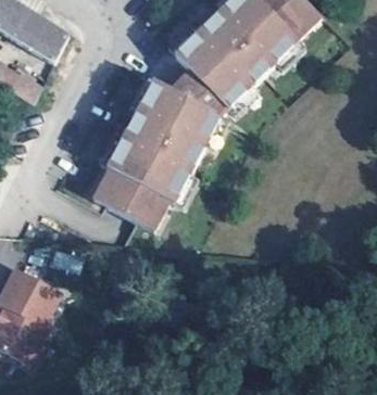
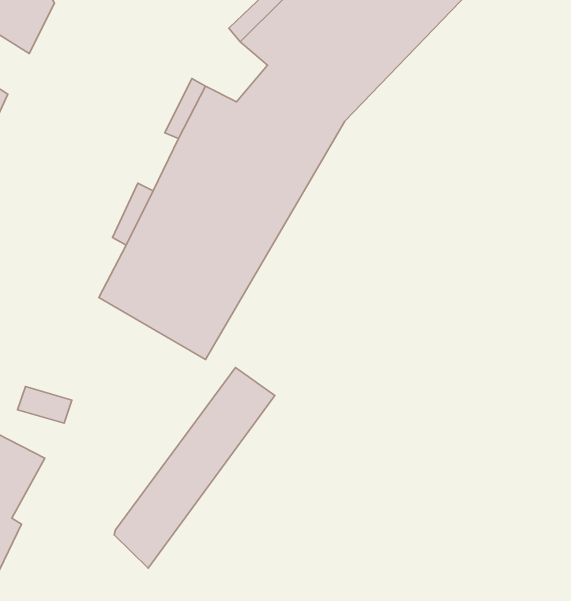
building: none -> [114,367,275,568]

